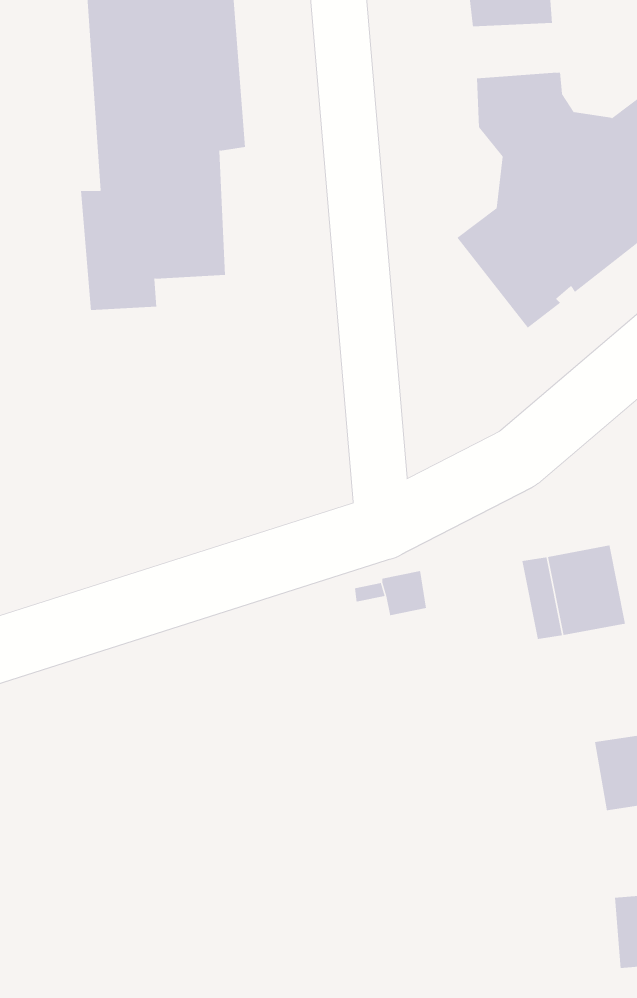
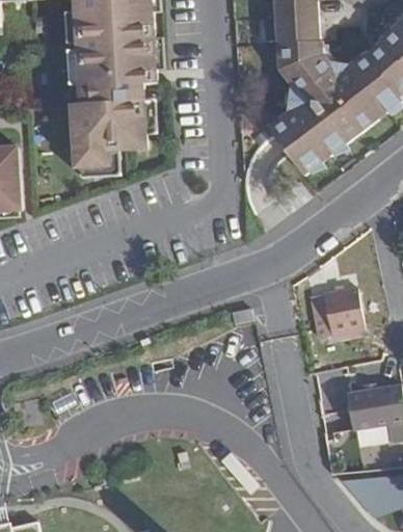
building: none -> [275,15,320,44]

